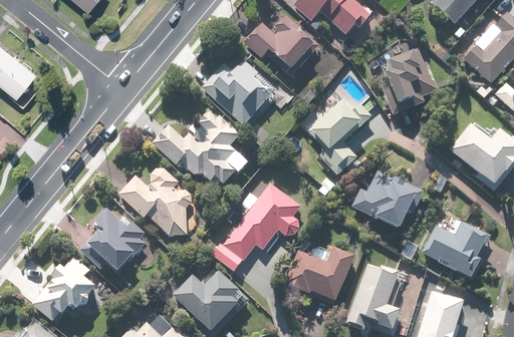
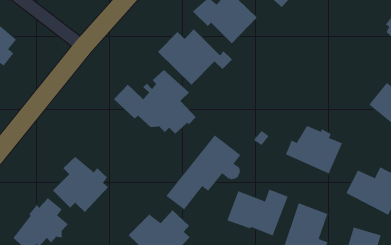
building: [381,48,439,115] -> none
building: [308,98,372,177] -> none
building: [117,166,191,237] -> none

